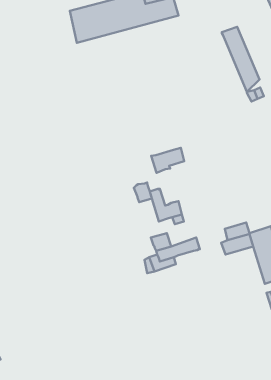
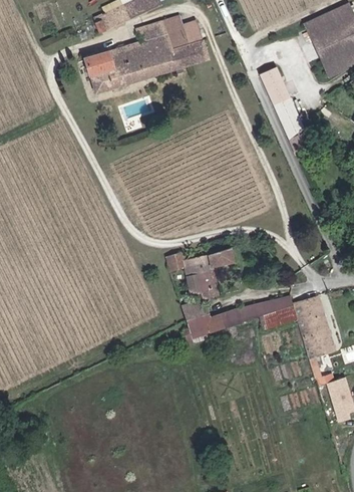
building: [151,148,184,173] -> [192,246,229,274]
building: none -> [233,300,268,323]

